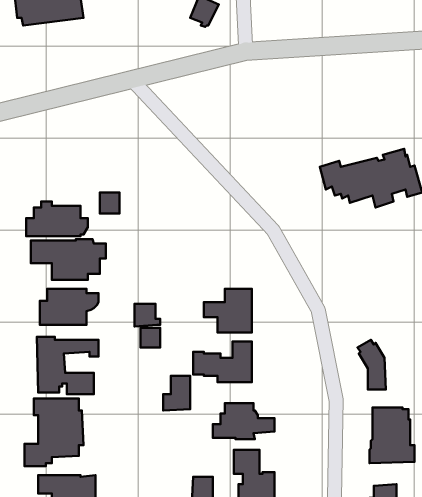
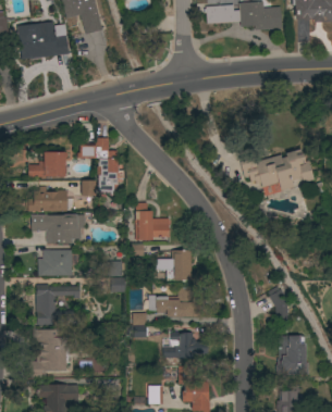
building: none -> [77,137,124,195]
building: none -> [28,151,65,176]
building: none -> [135,202,170,239]

